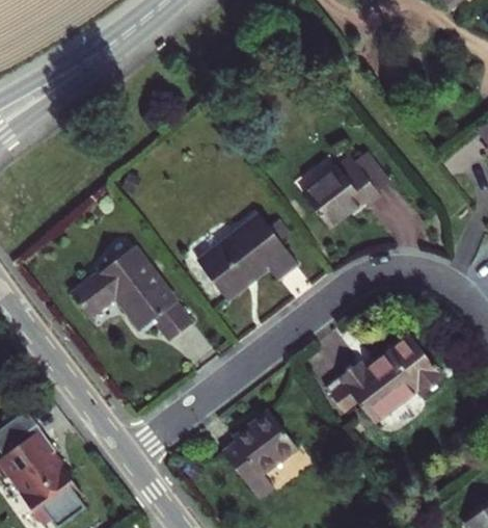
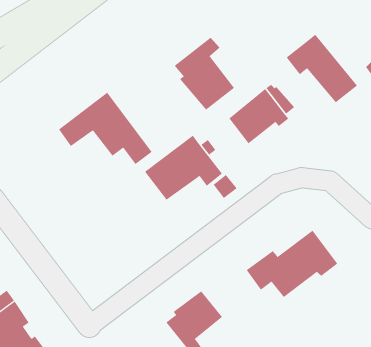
building: none -> [286,34,358,103]
building: none -> [174,37,235,111]
building: [73,246,192,339] -> [58,92,152,165]

